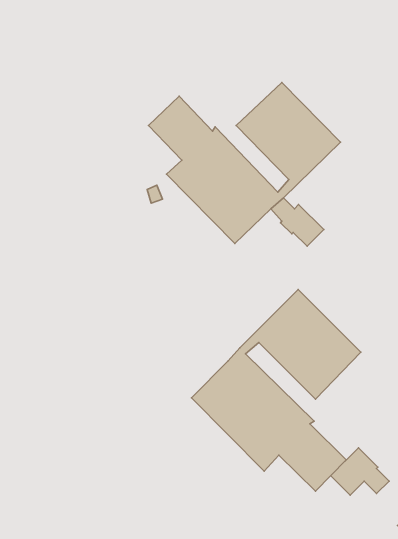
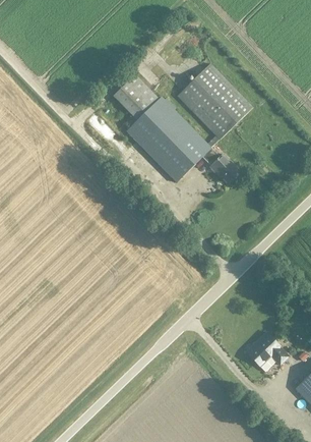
building: [191,289,361,491] -> none

